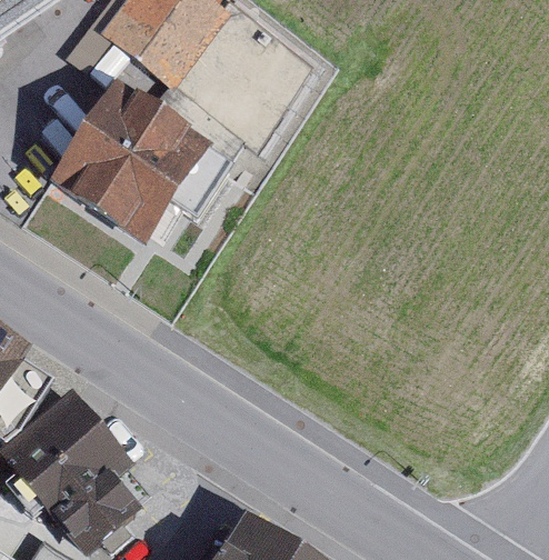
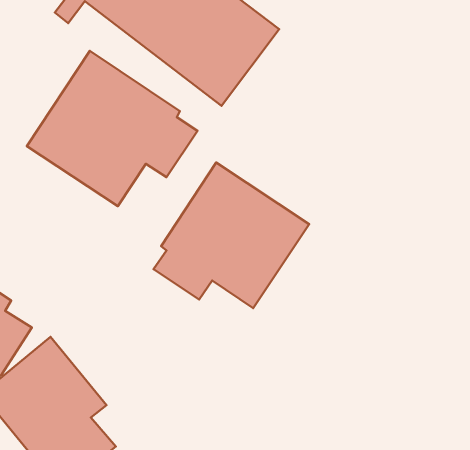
building: none -> [154,163,309,308]

